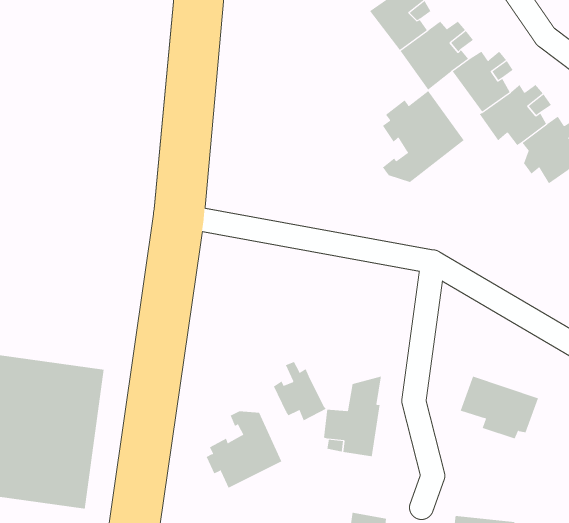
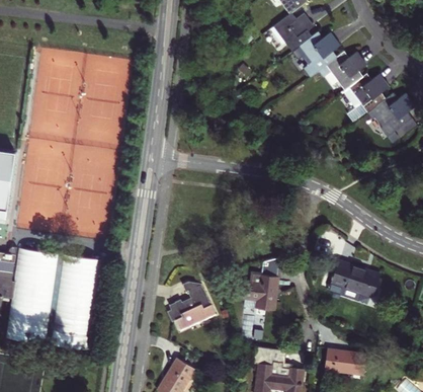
building: [382,90,465,183] -> none
building: [273,361,326,421] -> none

